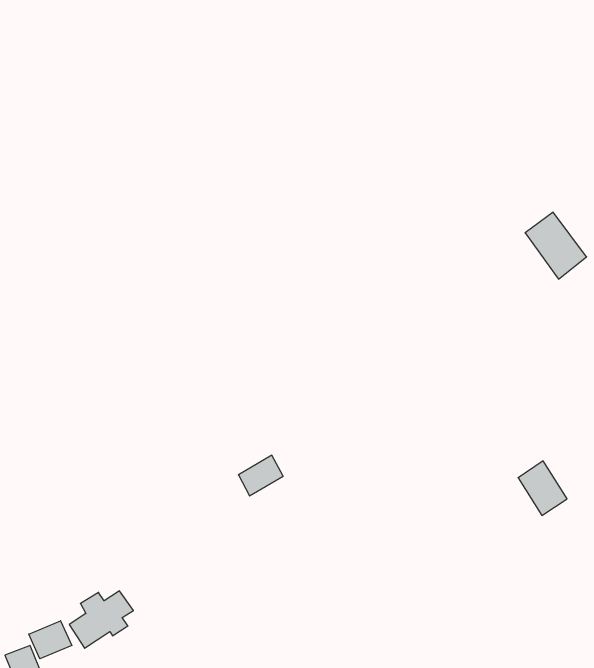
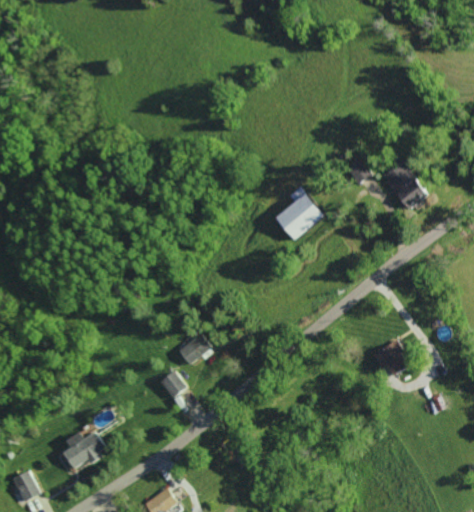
building: none -> [276,193,324,241]
building: none -> [160,371,186,398]
building: [29,621,72,659] -> none

